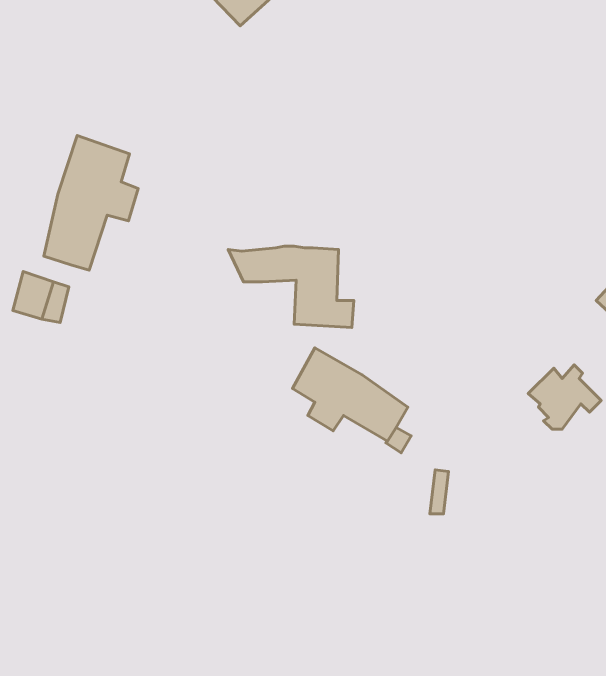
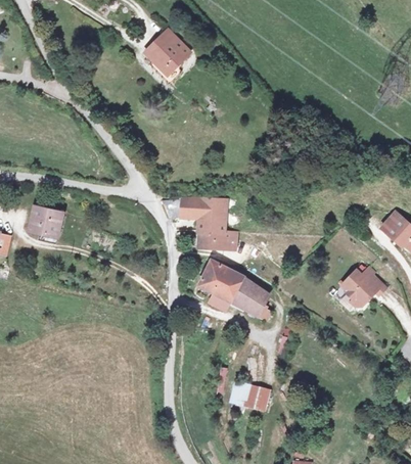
building: [44,135,138,270] -> none
building: none -> [239,381,266,408]

